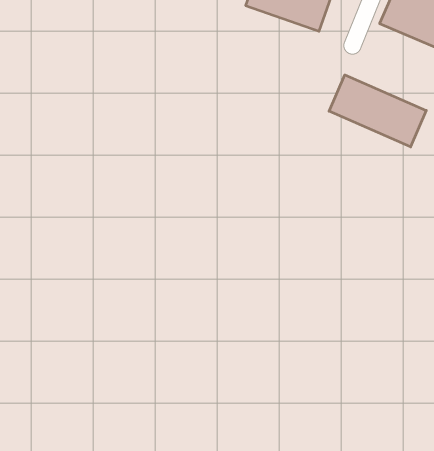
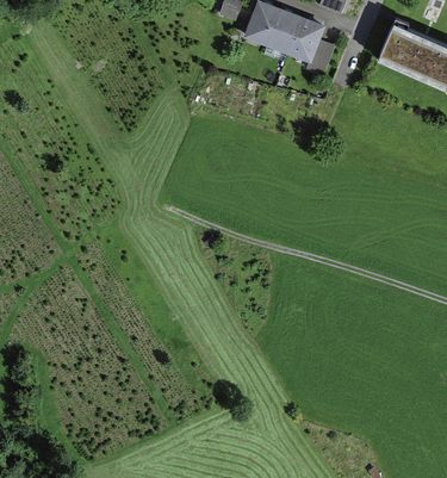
building: [329,75,426,147] -> none

